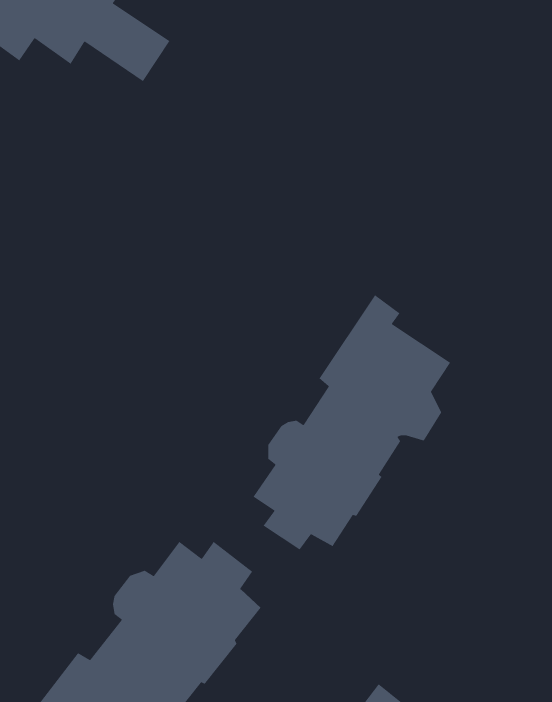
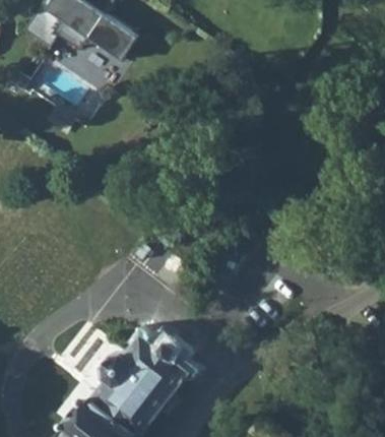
building: [253,294,451,550] -> none

